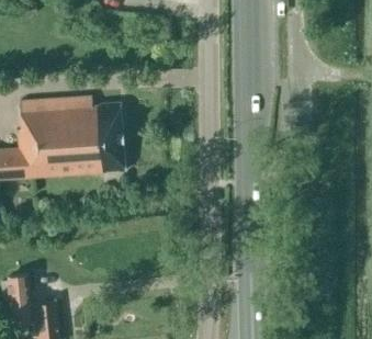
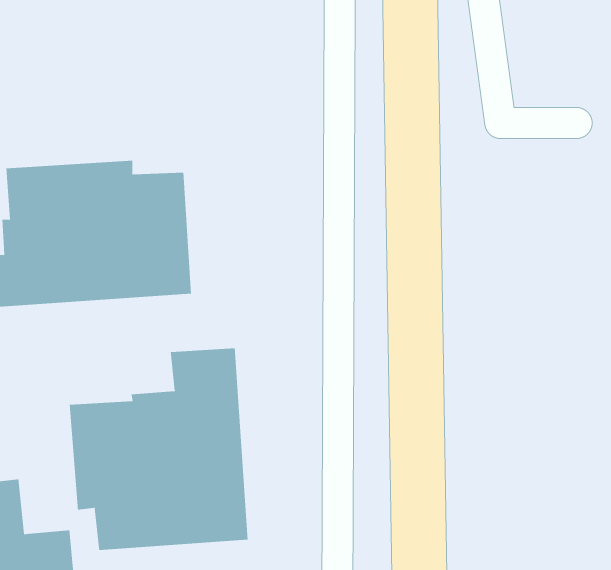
building: none -> [69,347,248,551]

